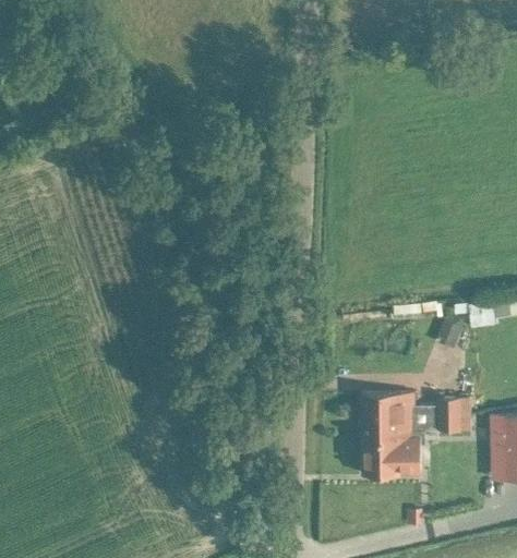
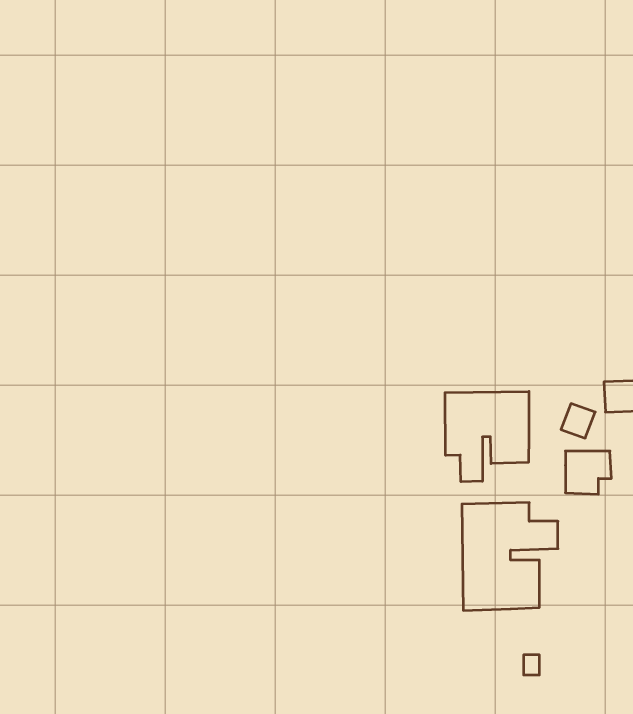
building: none -> [445,391,529,482]
building: [432,397,467,429] -> [565,451,611,494]

